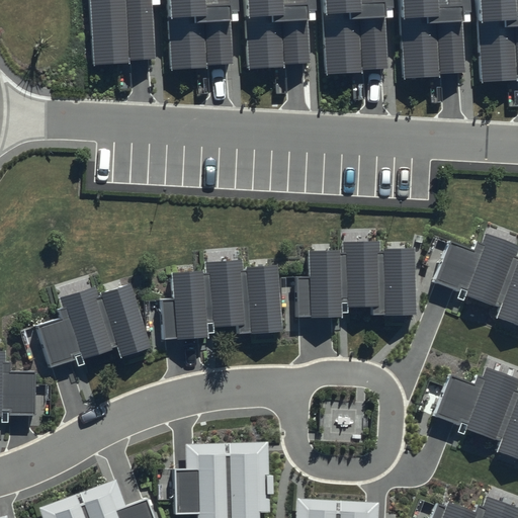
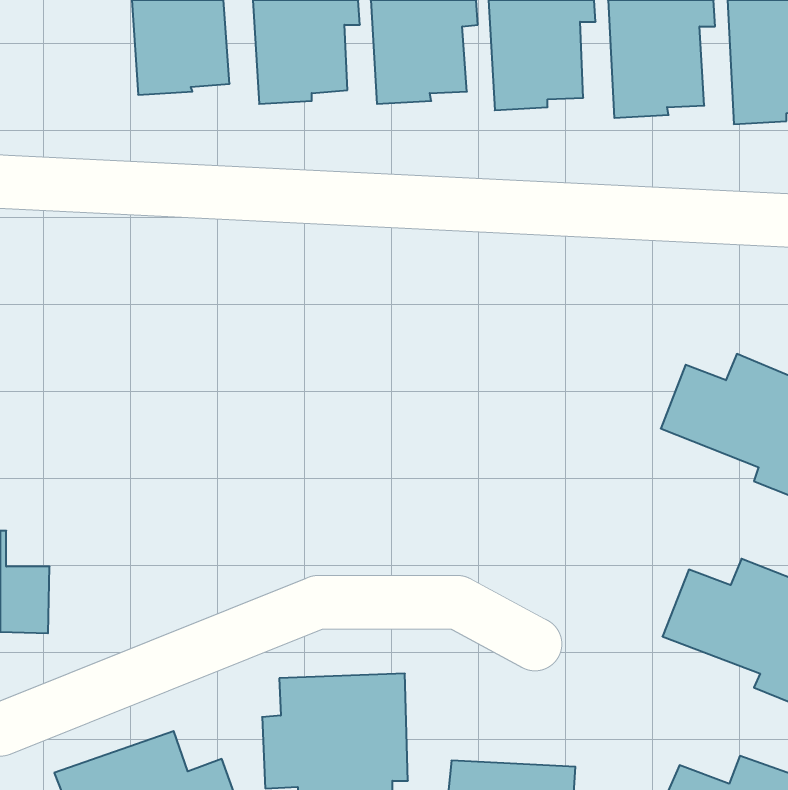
building: [306,241,417,319] -> none
building: [168,258,281,340] -> none
building: [37,282,152,368] -> none

